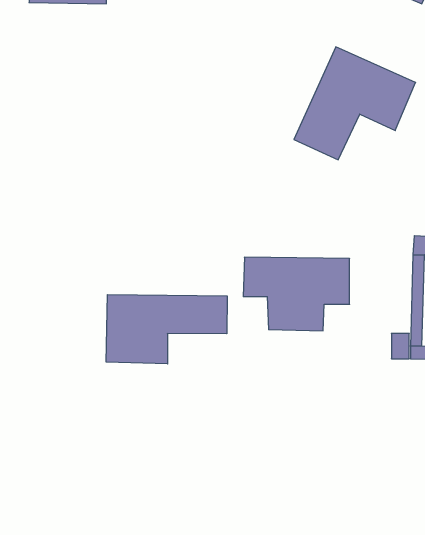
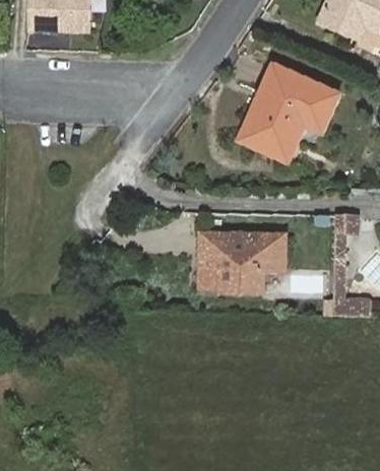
building: [106,295,227,364] -> none

